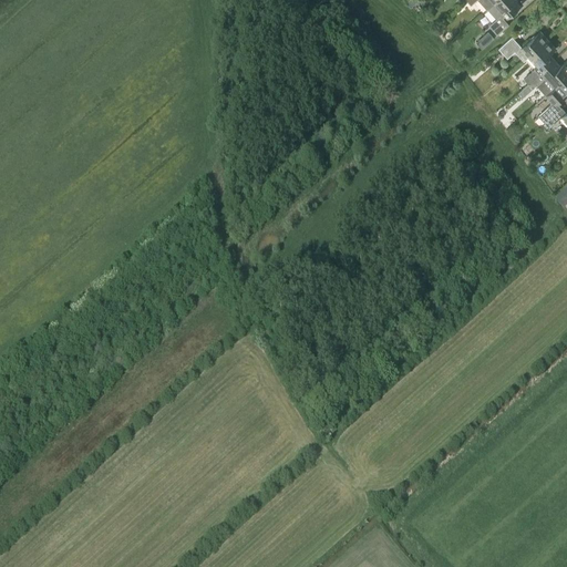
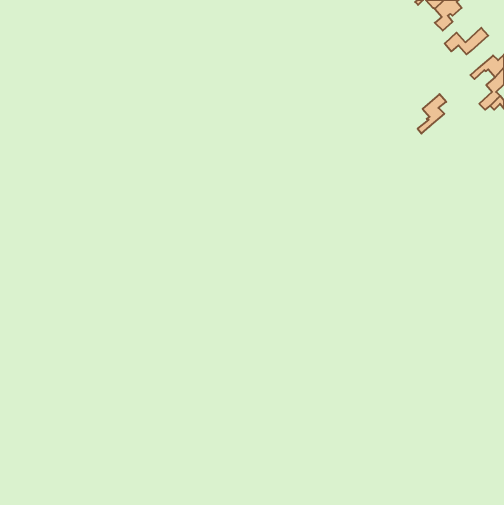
building: [523,40,555,84] -> [418,94,446,134]

